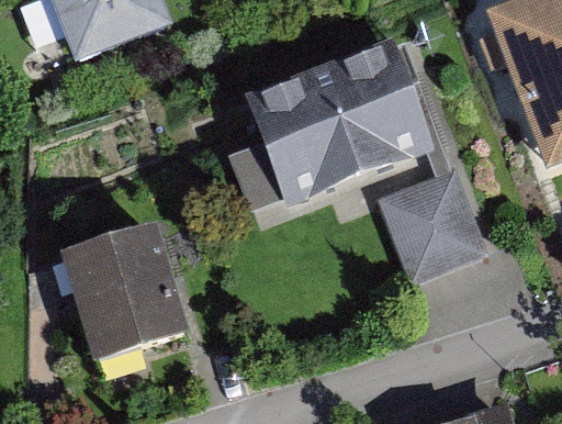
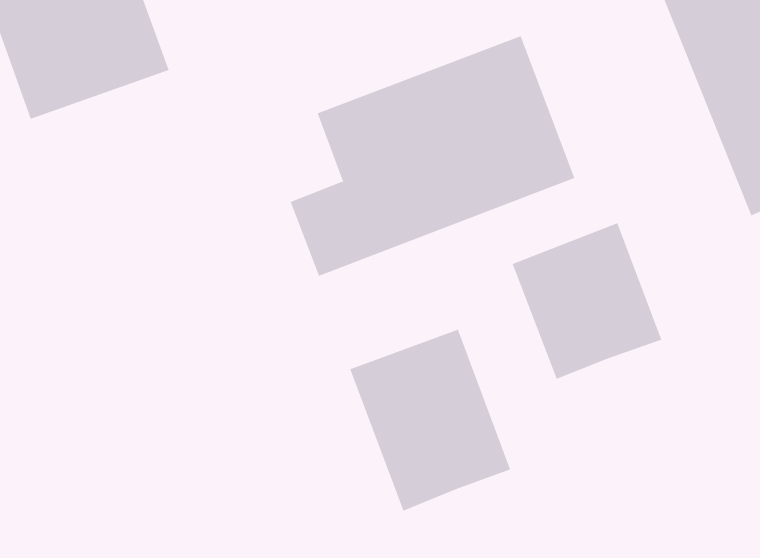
building: [65,223,191,356] -> none
building: none -> [349,329,511,511]

